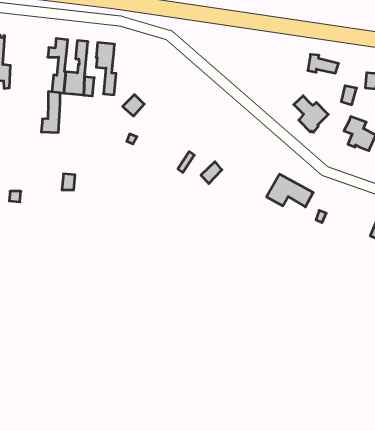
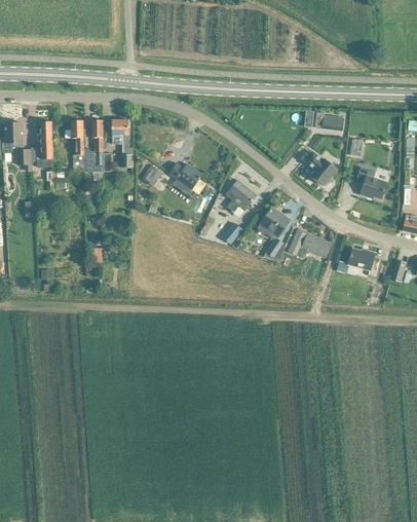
building: [41,92,60,132] -> [37,120,53,159]
building: none -> [169,162,201,188]
building: none -> [226,179,257,212]
building: none -> [258,207,289,260]
building: none -> [349,248,381,275]

